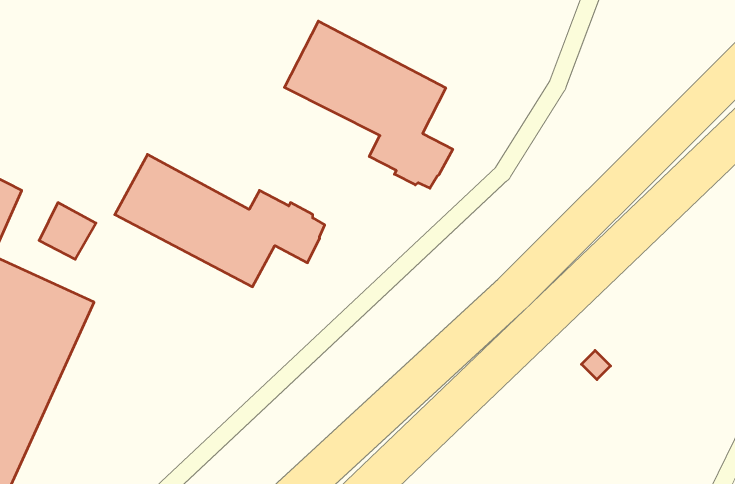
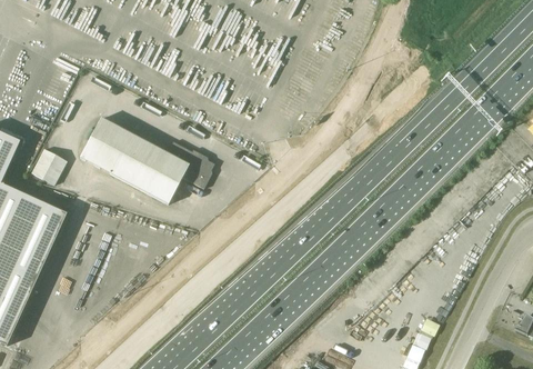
building: [284,21,453,188] -> none

